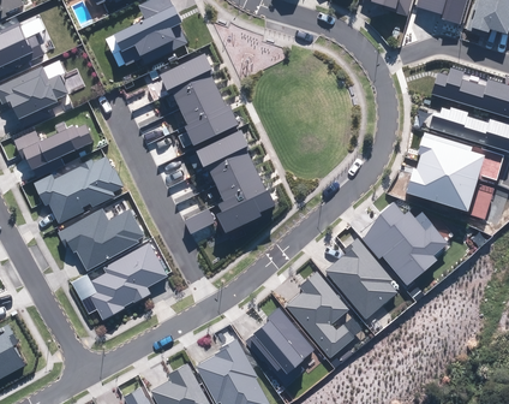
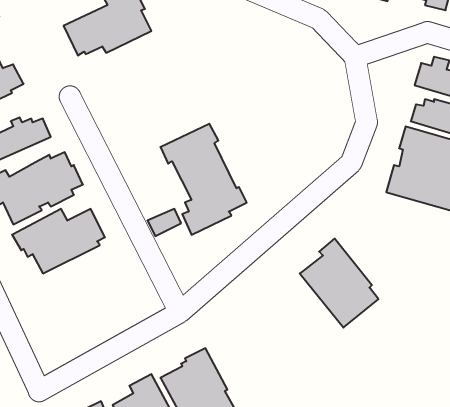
building: [158,54,238,147] -> none
building: [361,203,447,285] -> none
building: [89,242,168,320] -> none
building: [286,271,353,358] -> none
building: [245,307,315,374] -> none

